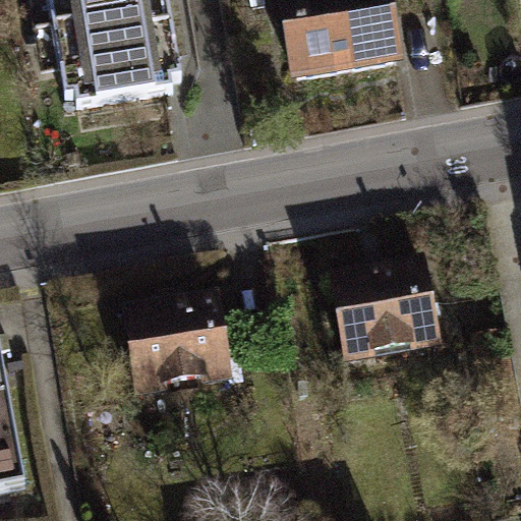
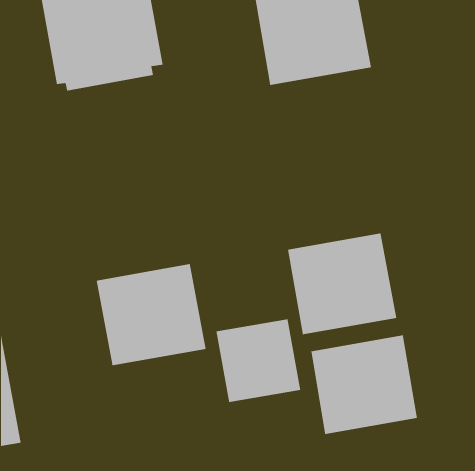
building: none -> [216,319,301,403]
building: none -> [311,334,417,435]

